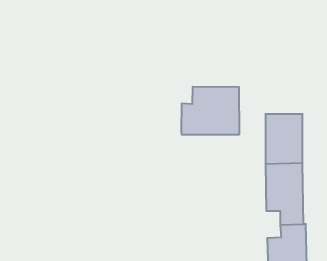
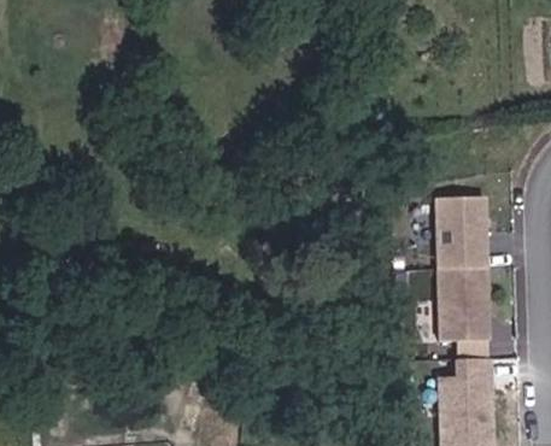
building: [182,87,239,135] -> none

